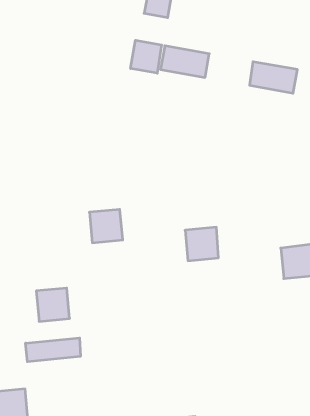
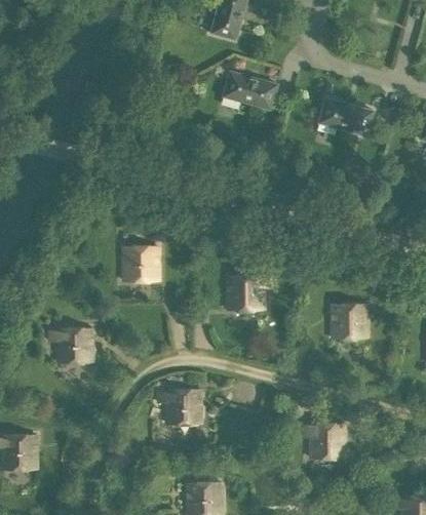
building: [131,40,162,73] -> none
building: none -> [166,389,201,424]
building: [26,338,80,362] -> none
building: none -> [310,425,345,459]

